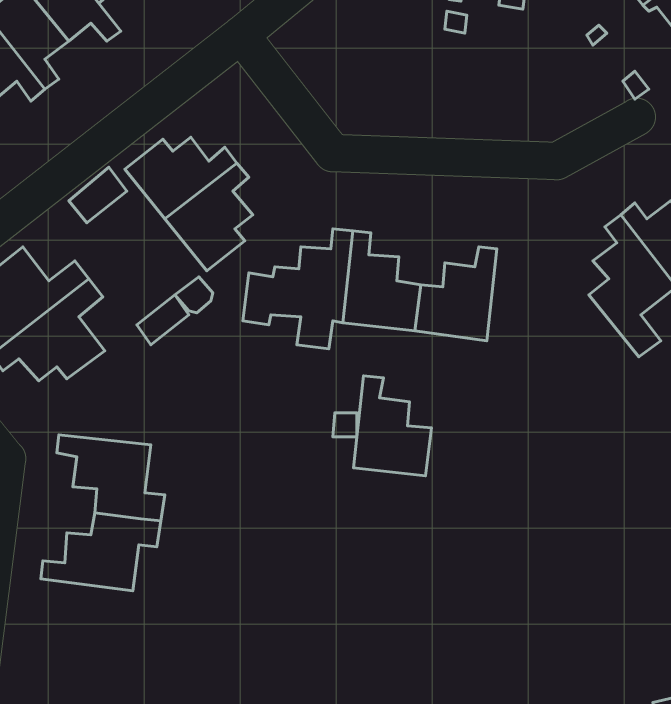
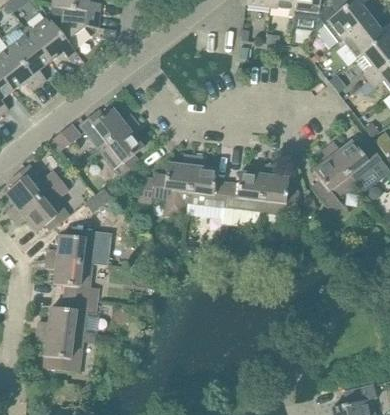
building: none -> [46,227,112,264]
building: [353,376,431,476] -> [260,164,299,214]
building: none -> [36,329,83,371]

